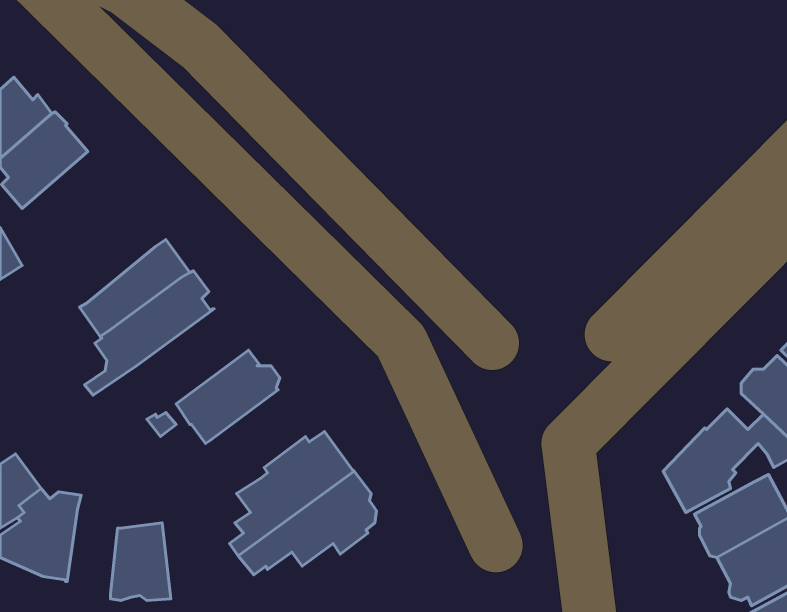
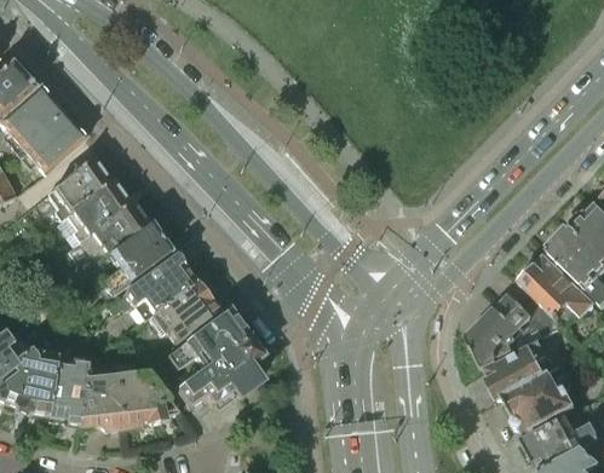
building: none -> [16,113,85,173]
building: none -> [47,152,109,219]
building: none -> [96,223,168,294]
building: none -> [148,279,218,341]
building: none -> [47,360,86,422]
building: none -> [114,370,178,426]

